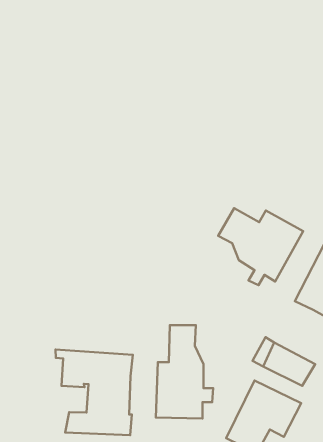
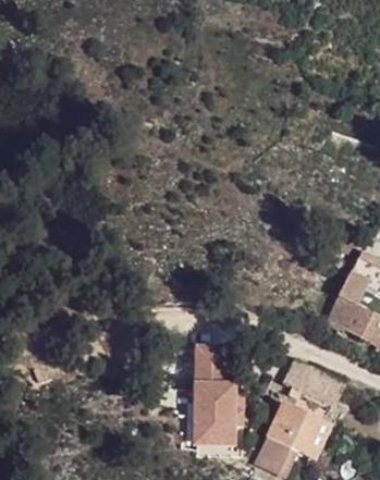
building: [218,208,303,285] -> none
building: [56,350,133,435] -> none

